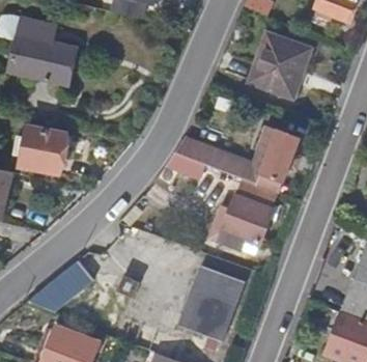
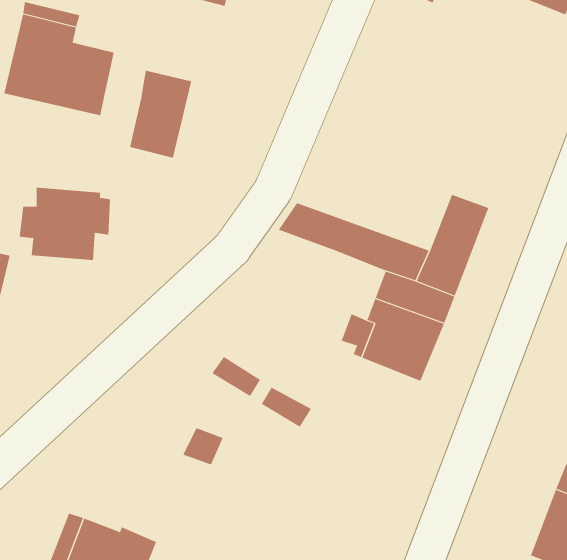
building: [248,35,309,98] -> none
building: none -> [129,70,192,158]
building: [27,260,91,312] -> none
building: [180,263,248,341] -> none

